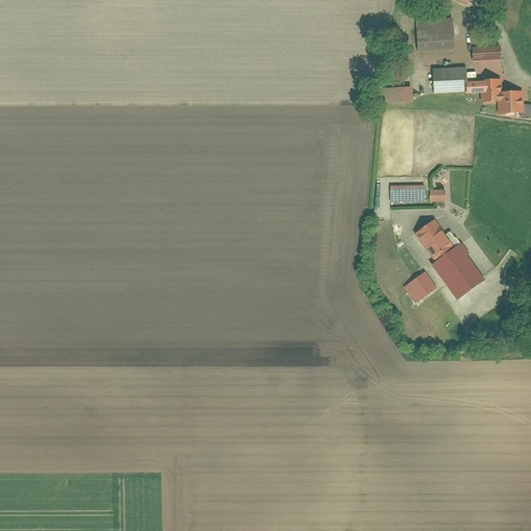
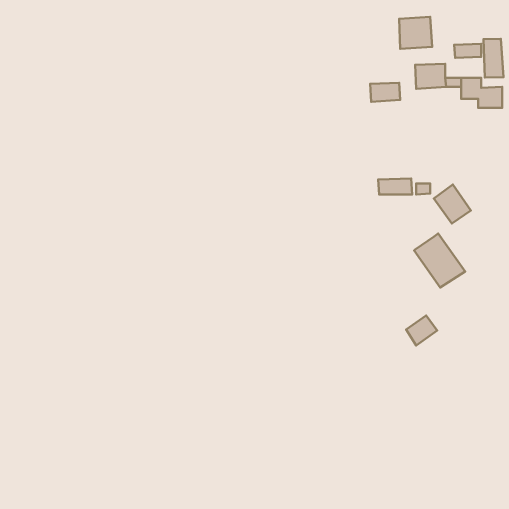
building: none -> [483,39,503,77]
building: [414,219,452,259] -> [434,185,471,223]
building: [404,273,437,304] -> [406,316,437,345]

